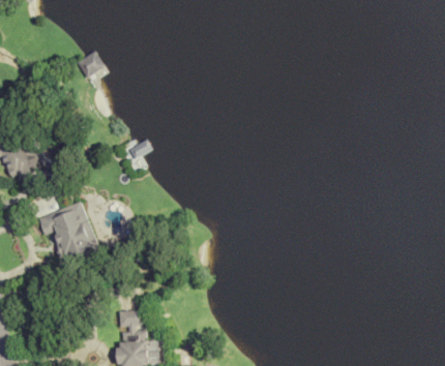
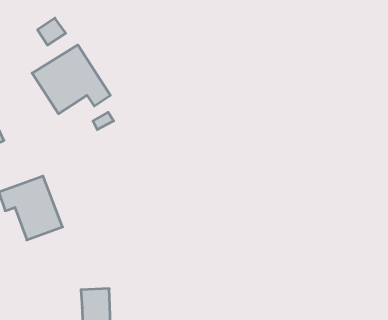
building: none -> [32,45,110,114]

